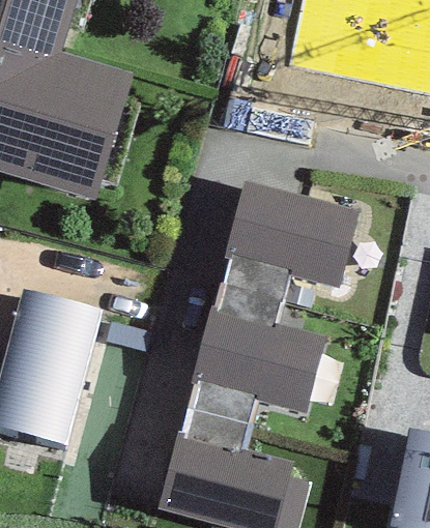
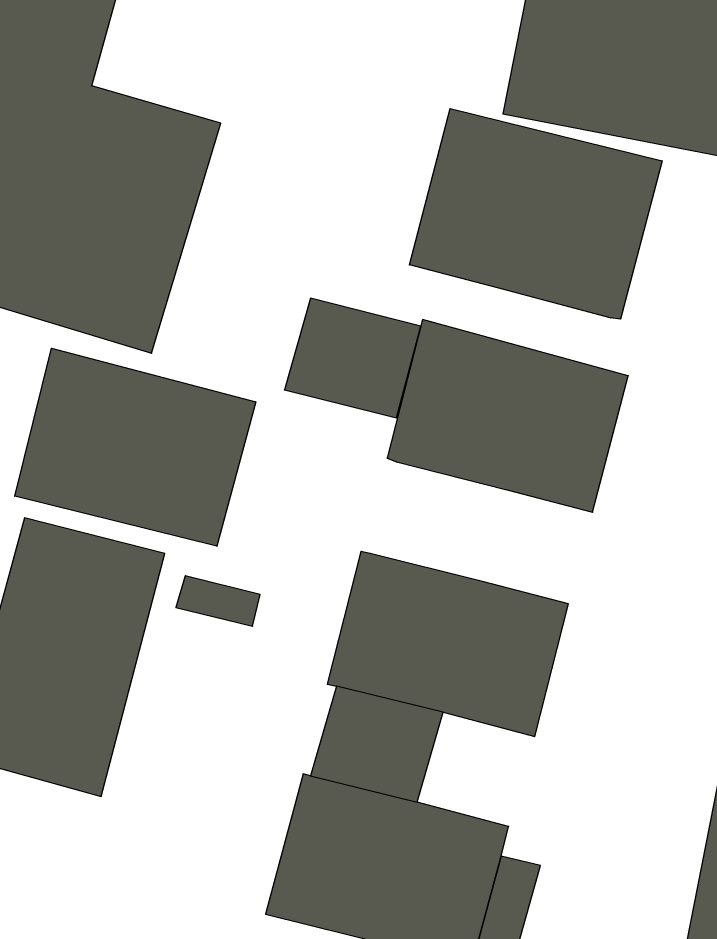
building: none -> [409,109,662,319]
building: none -> [15,348,256,546]
building: [214,259,290,325] -> [284,298,421,418]

